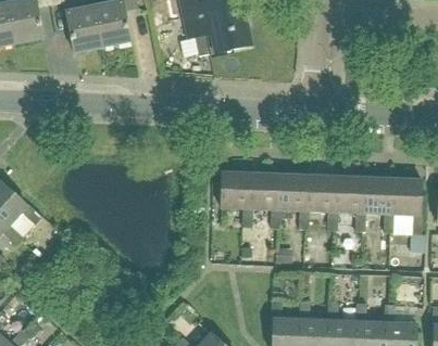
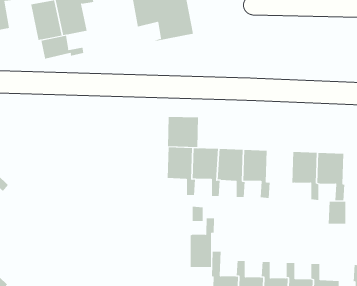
building: none -> [41,35,84,59]
building: none -> [167,116,199,148]
building: [334,176,365,231] -> none
building: none -> [190,217,214,268]

